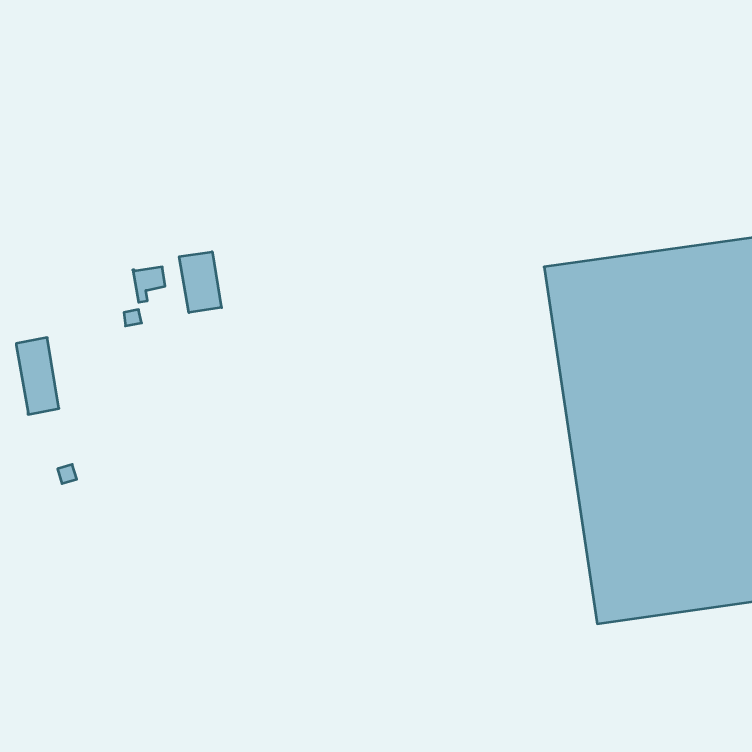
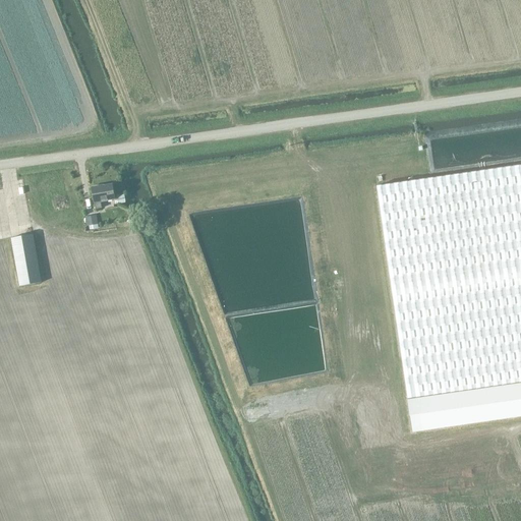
building: [179,252,222,313] -> none

